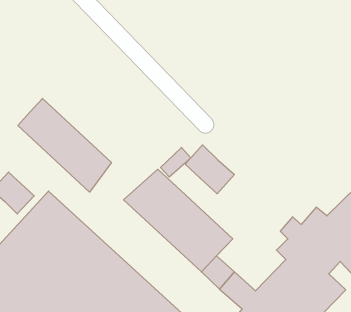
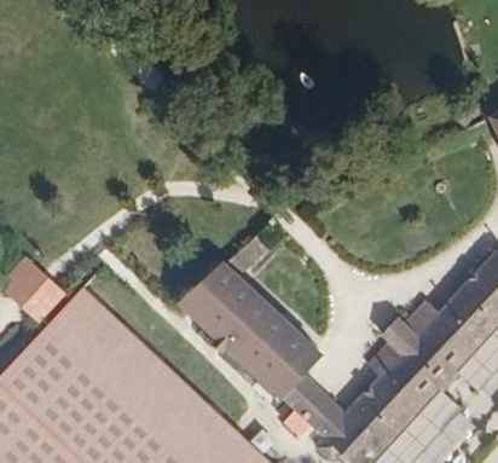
building: [18,98,111,192] -> none
building: [185,145,234,194] -> none

